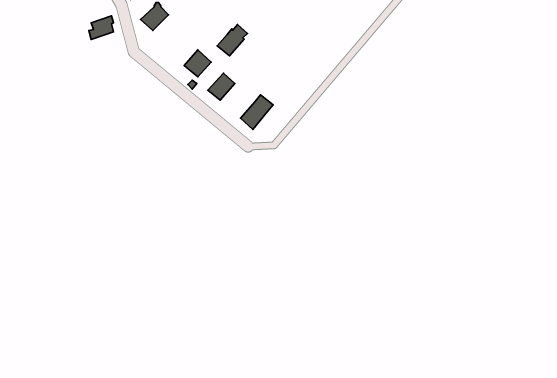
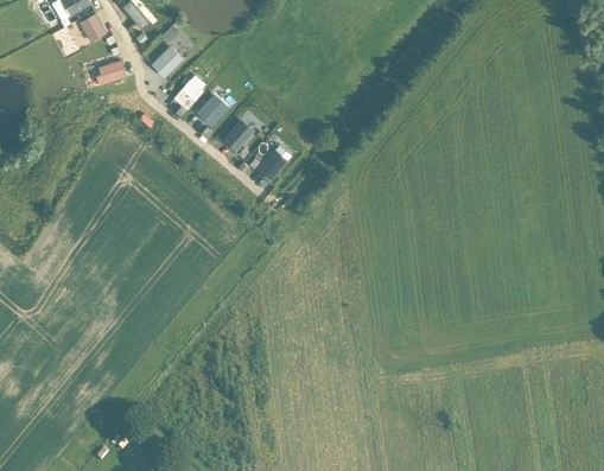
building: [217,24,247,56] -> [173,75,205,108]

